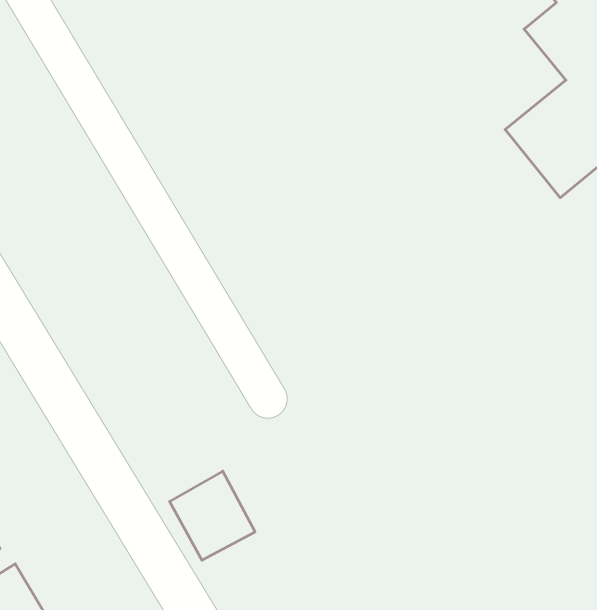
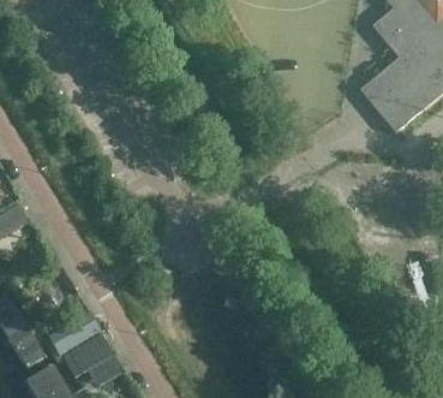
building: [170,471,255,560] -> [67,331,121,387]

